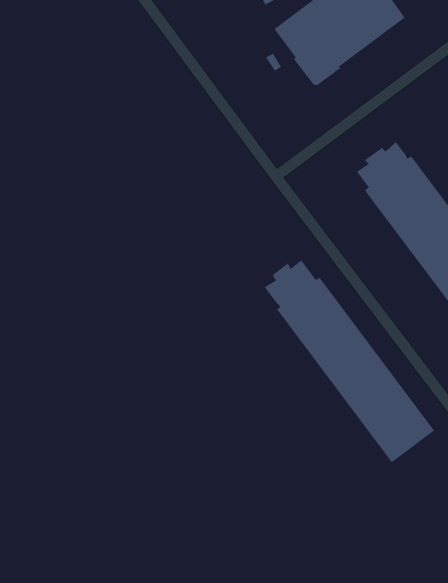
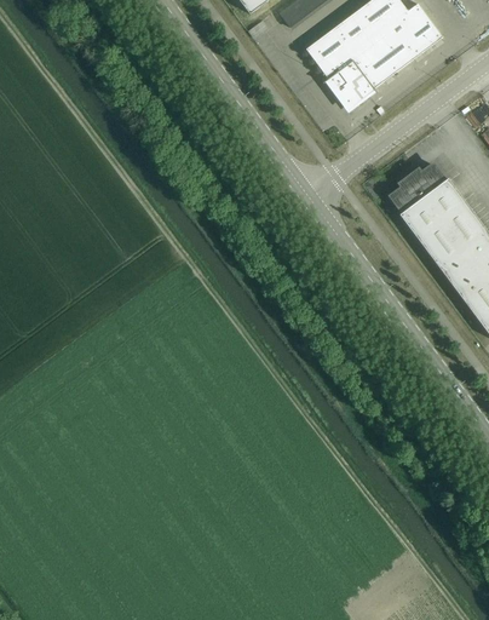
building: [264,260,435,463] -> none

